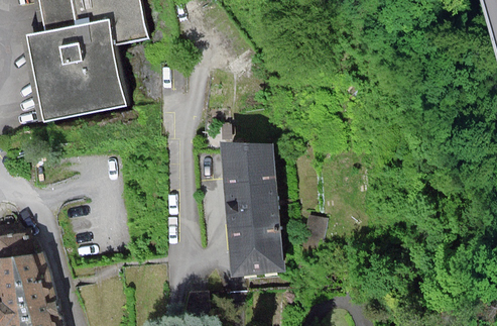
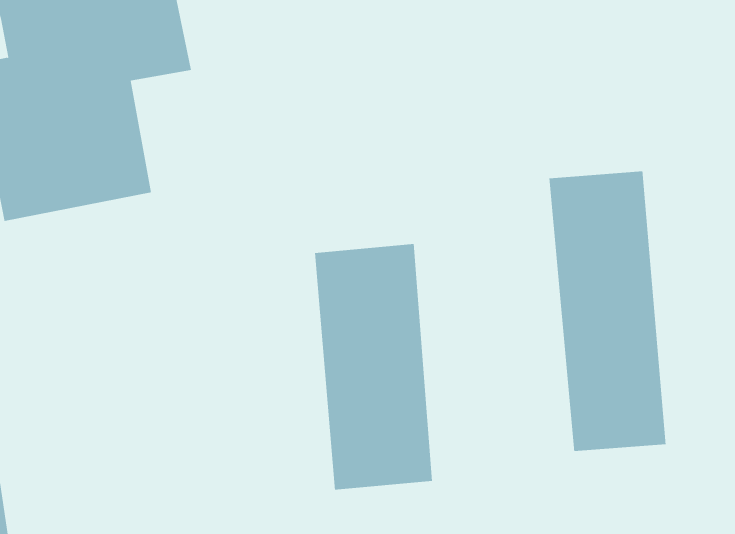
building: none -> [549,171,666,452]

